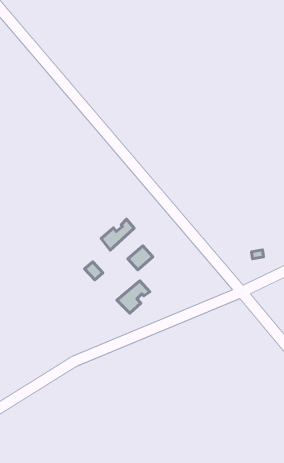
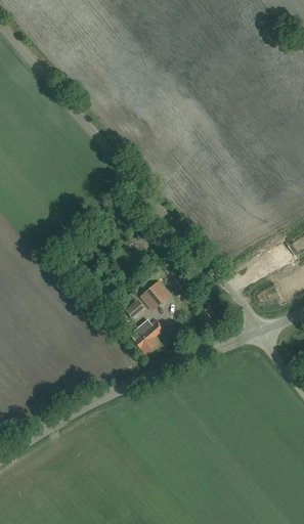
building: [101,219,134,250] -> none

